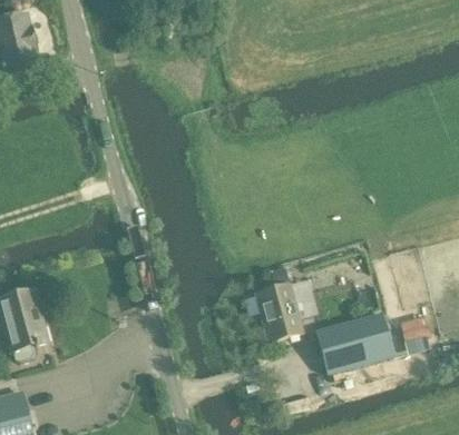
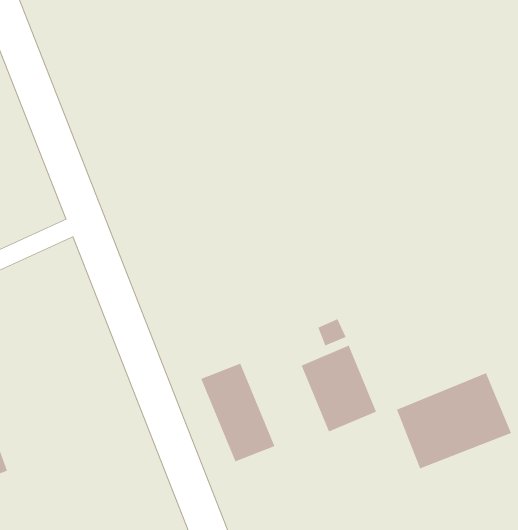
building: none -> [201,363,275,462]

